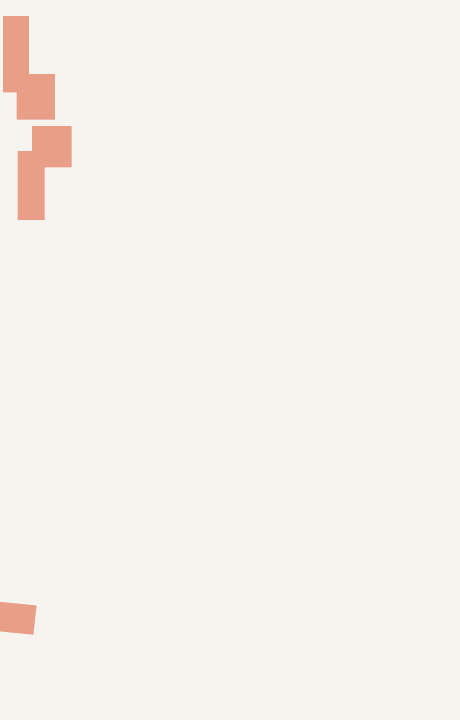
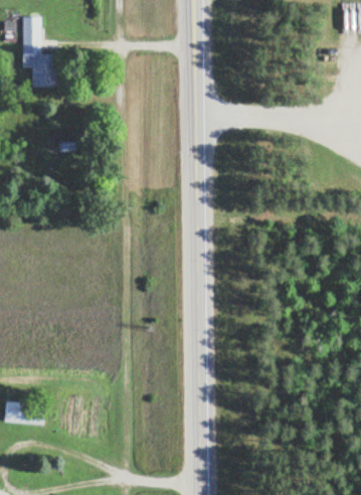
building: [17,125,73,221] -> none

